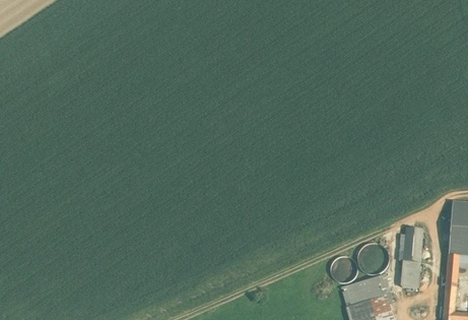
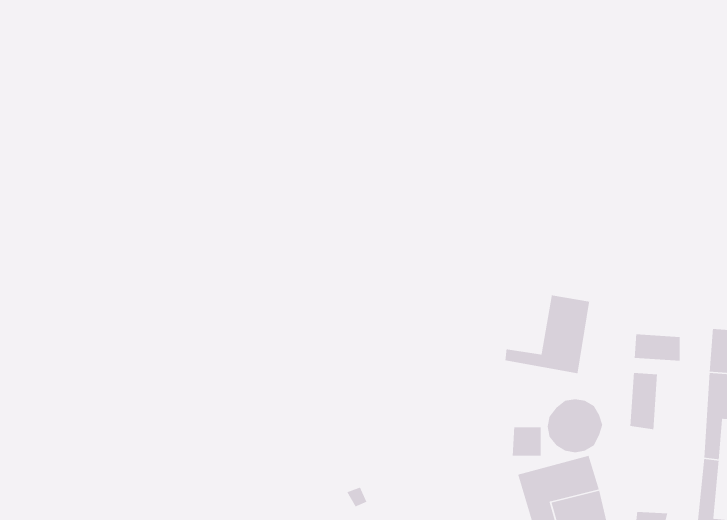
building: none -> [504,295,590,374]
building: none -> [634,334,681,362]
building: [402,260,419,289] -> none

